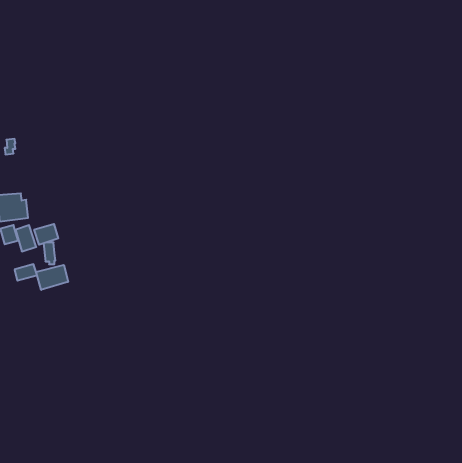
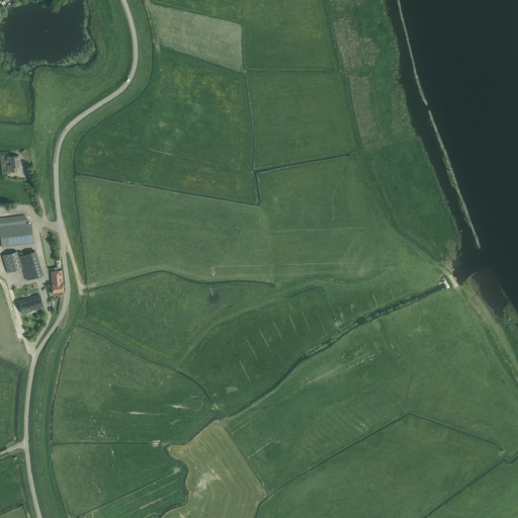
building: [34,224,58,245] -> none
building: [36,265,68,290] -> none

